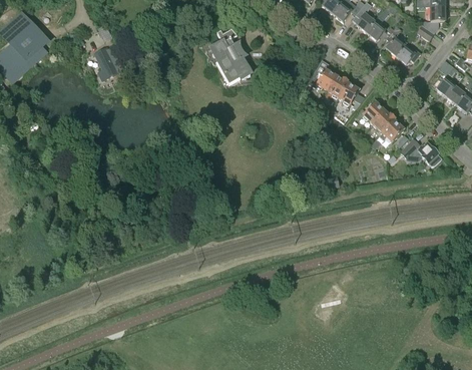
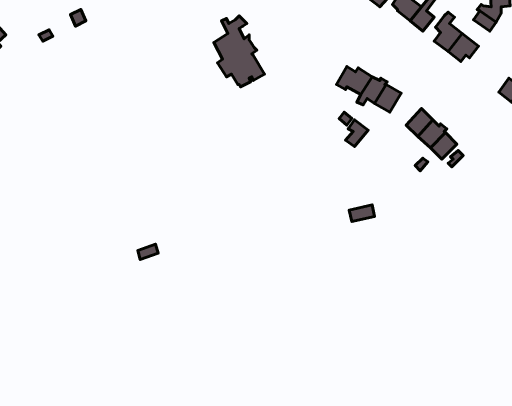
building: [95,46,123,79] -> none
building: [400,137,442,165] -> none

